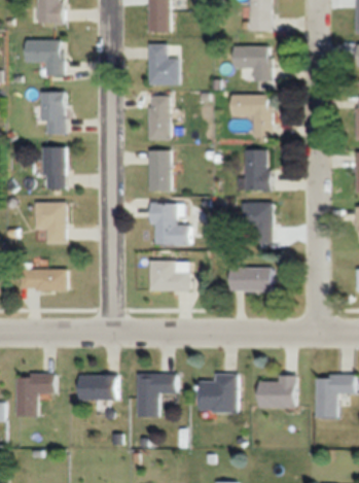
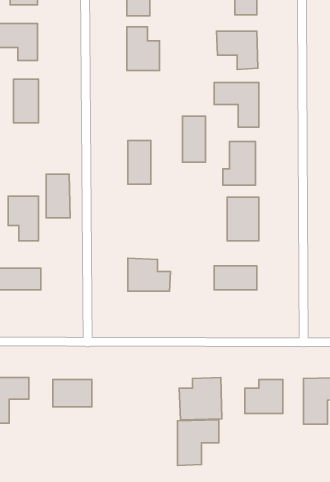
building: [149,95,171,138] -> [182,116,205,162]
building: [43,146,66,187] -> [46,174,70,218]
building: [151,203,189,245] -> none
building: [137,373,176,416] -> [178,420,219,466]

